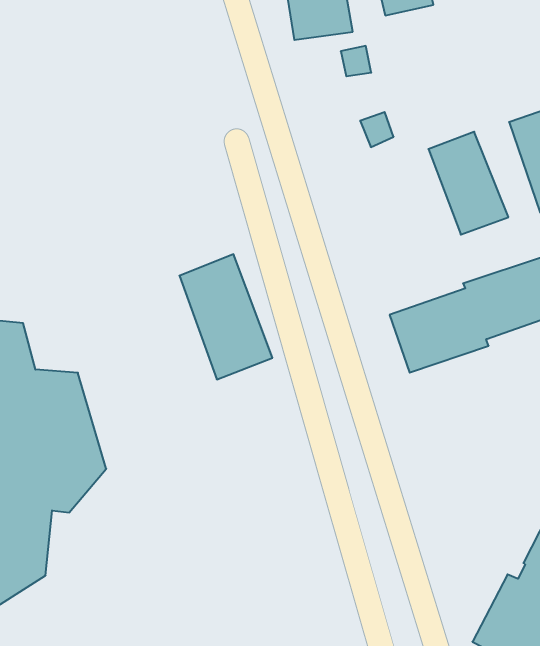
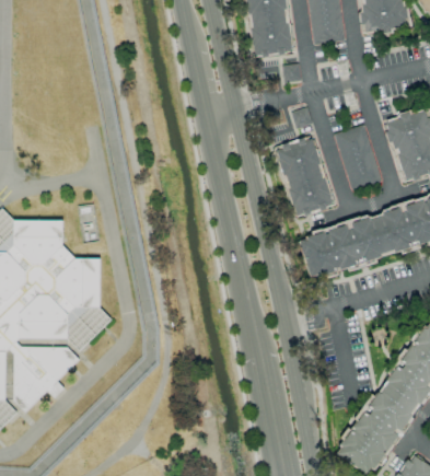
building: [179,254,272,379] -> [276,136,332,216]

